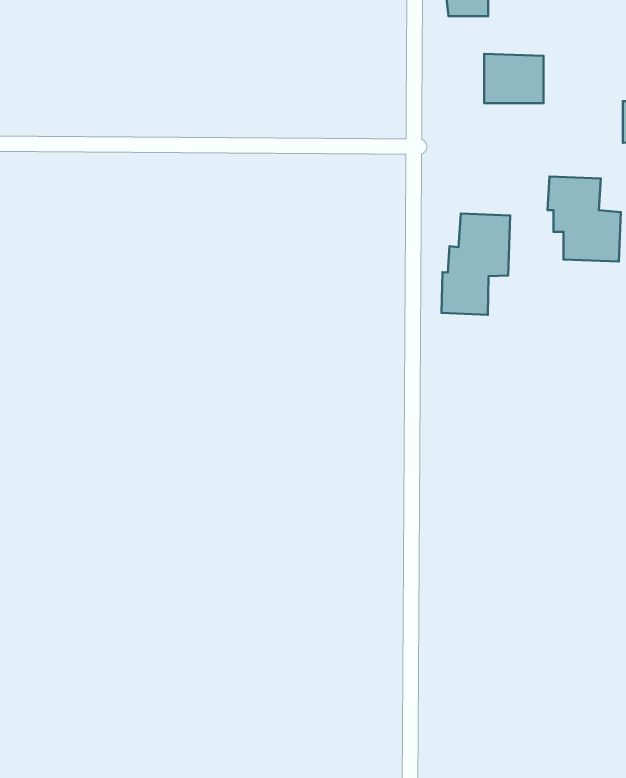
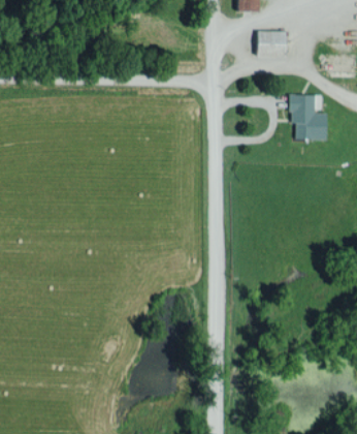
building: [442,214,510,315] -> none

